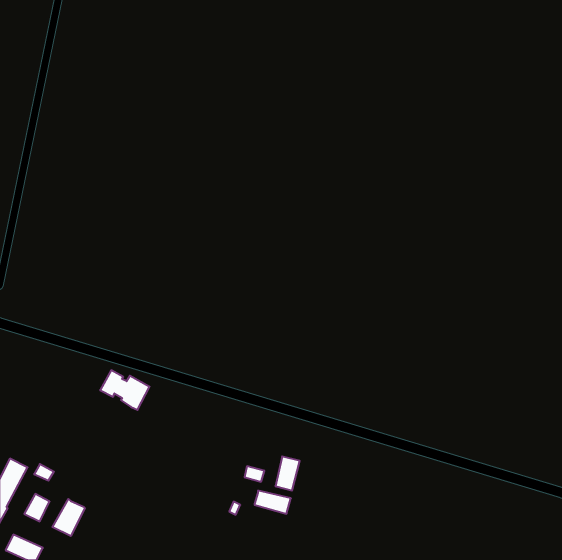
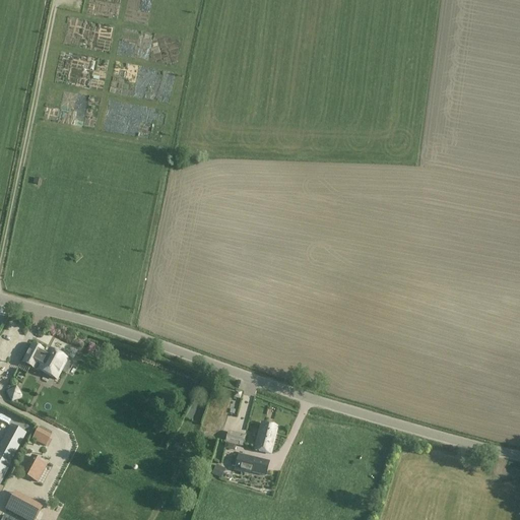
building: [100,370,150,410] -> [21,342,67,379]
building: [52,499,85,536] -> none

